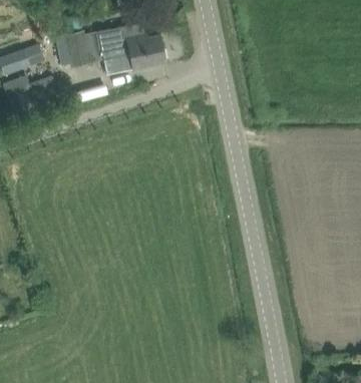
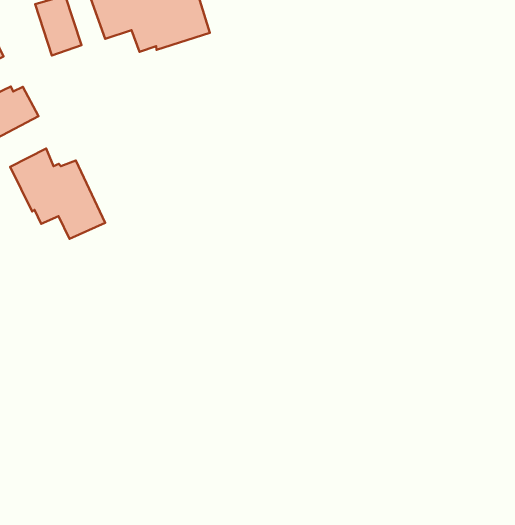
building: none -> [10,149,105,239]

